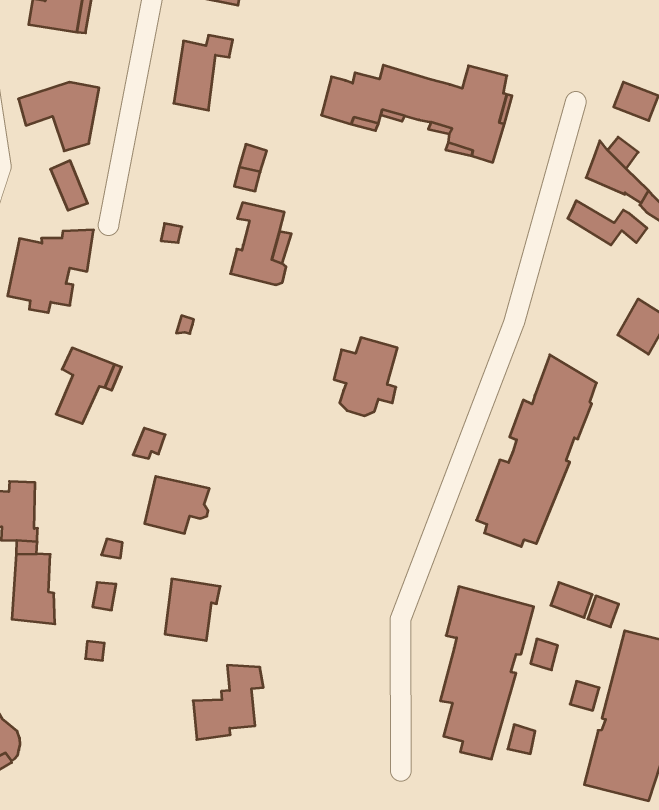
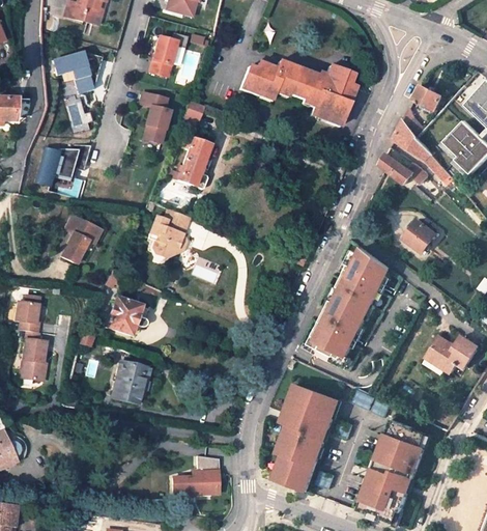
building: none -> [139,92,169,143]
building: [334,338,397,416] -> [149,207,190,255]
building: [193,665,263,740] -> [174,456,218,500]

